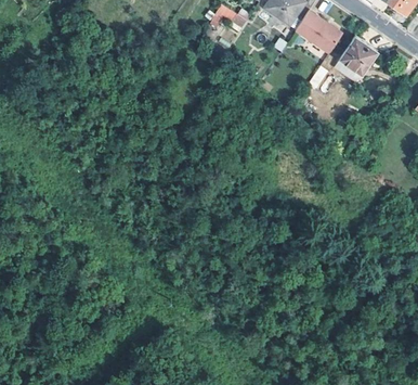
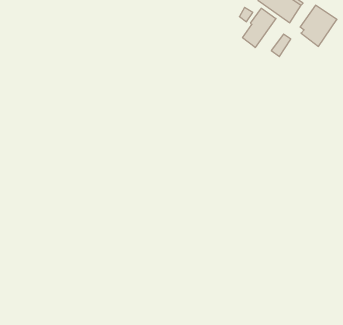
building: none -> [243,8,276,48]

